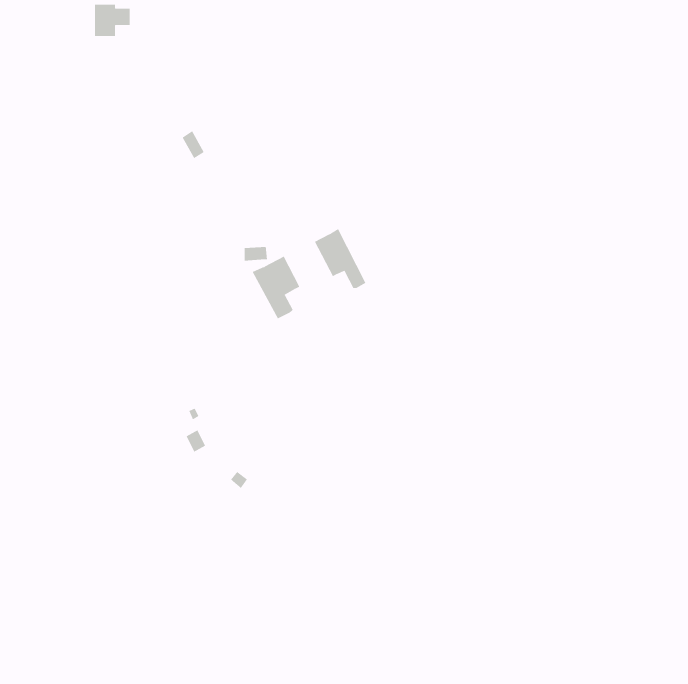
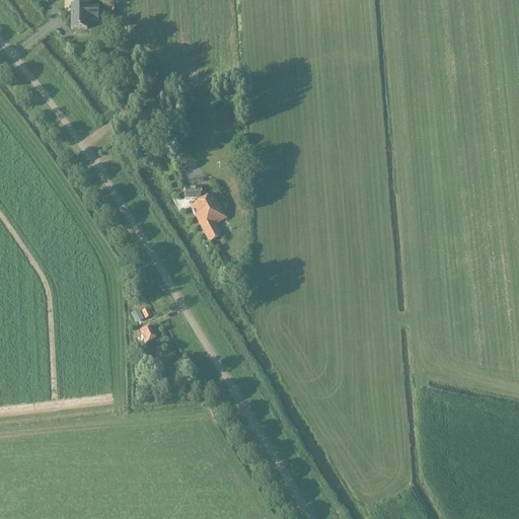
building: [314,228,366,289] -> none

